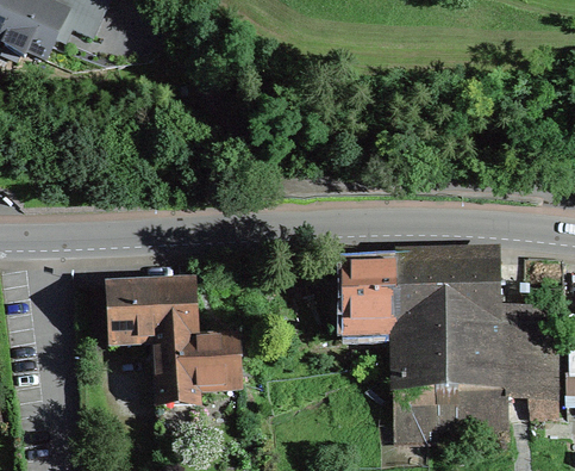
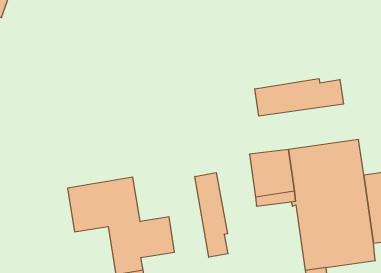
building: none -> [255,79,344,116]
building: none -> [195,173,228,257]

